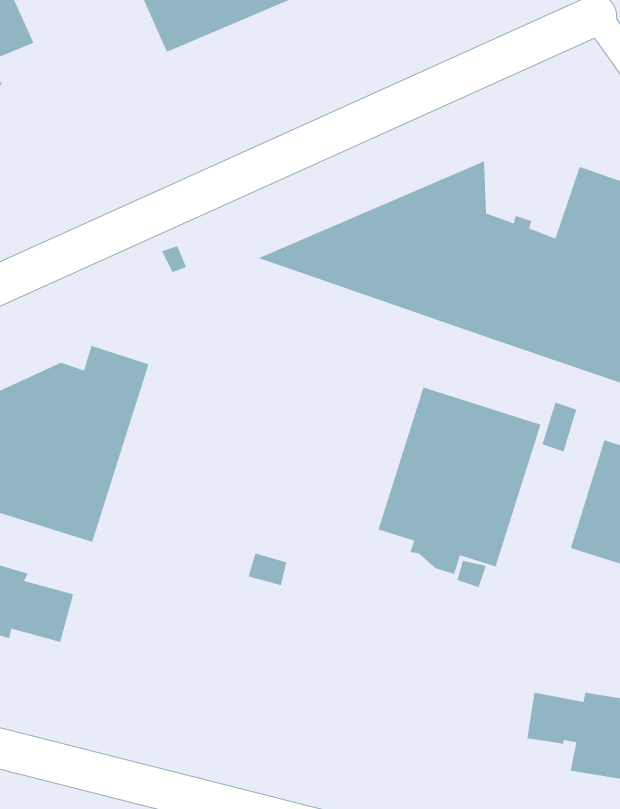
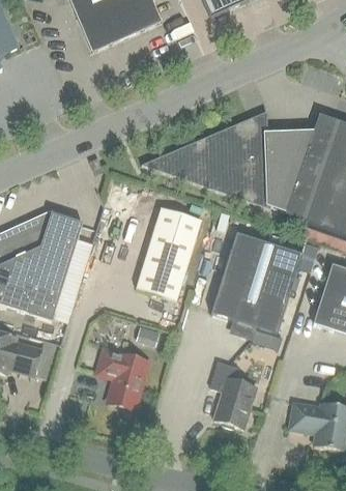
building: none -> [137,206,201,298]
building: none -> [98,348,147,407]
building: none -> [210,359,257,427]

